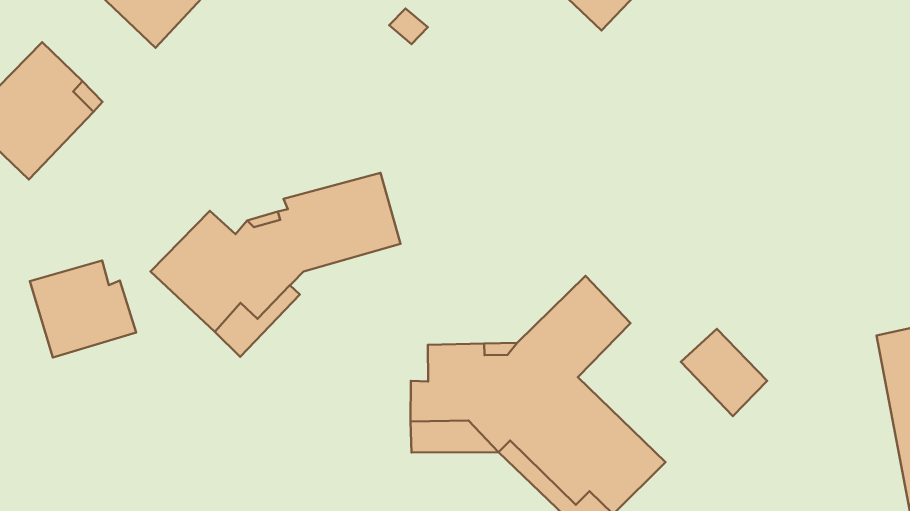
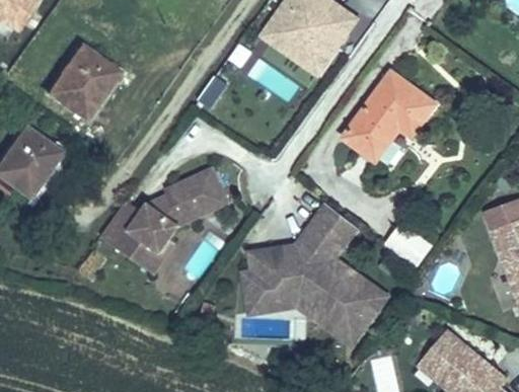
building: none -> [344,71,435,162]
building: [30,261,136,358] -> none

